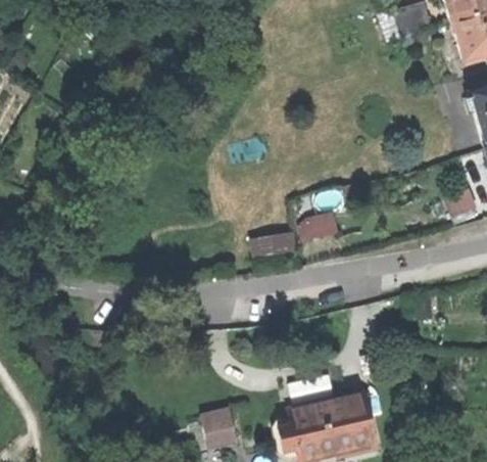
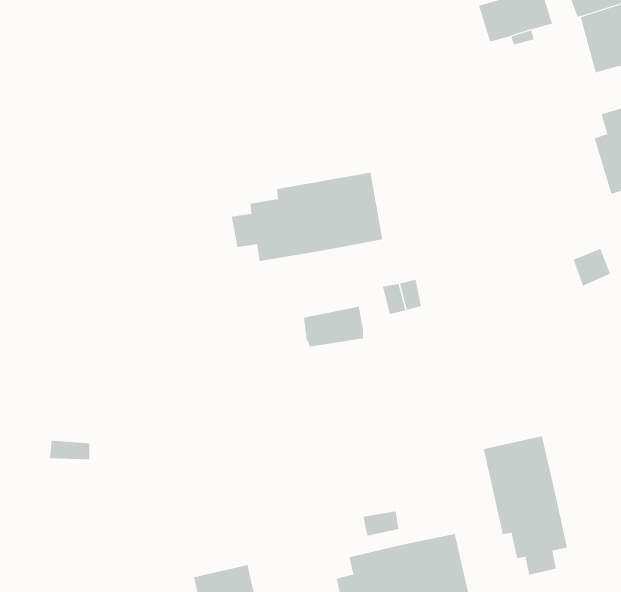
building: none -> [231,172,383,262]
building: none -> [483,435,567,575]

